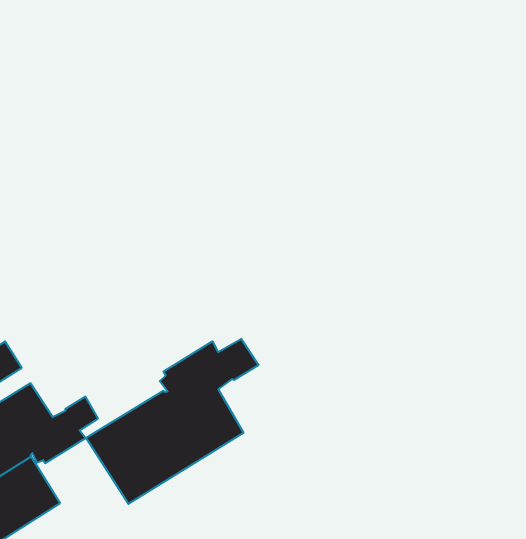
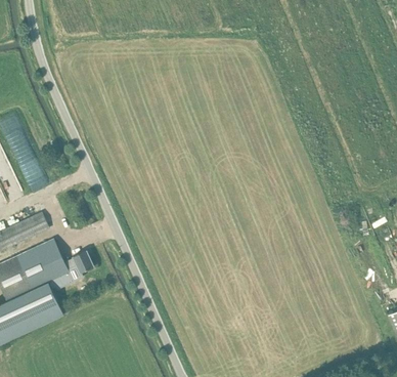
building: [86,339,258,504] -> none

